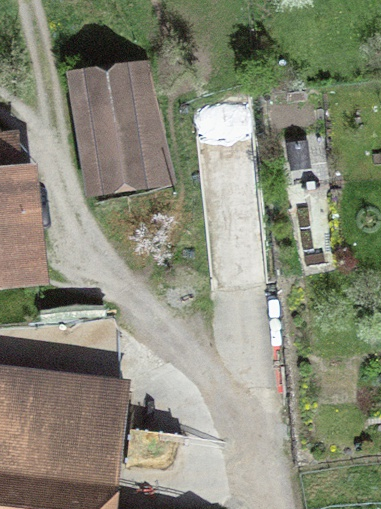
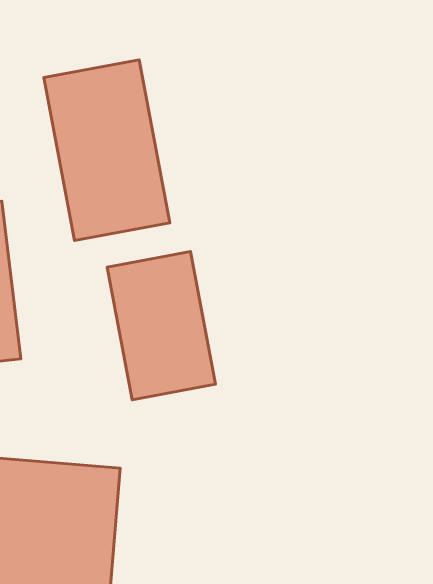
building: none -> [107,252,216,400]

